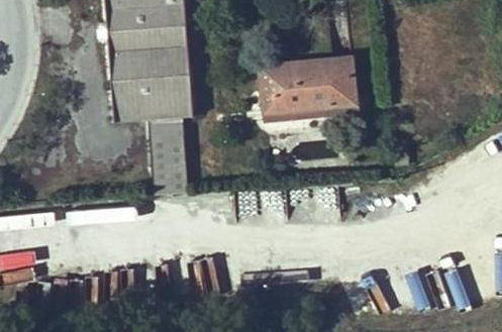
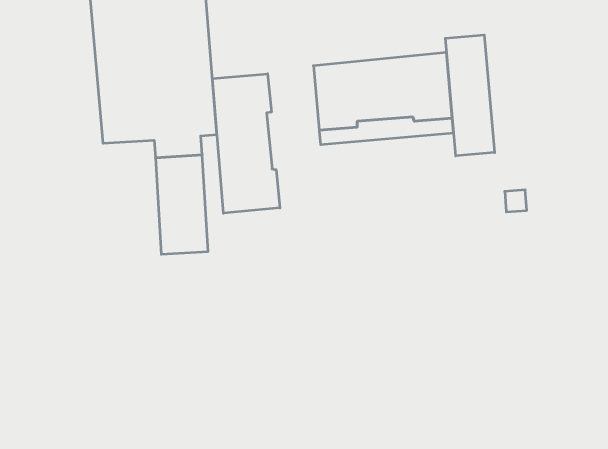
building: none -> [445,35,495,156]
building: none -> [212,74,280,213]

